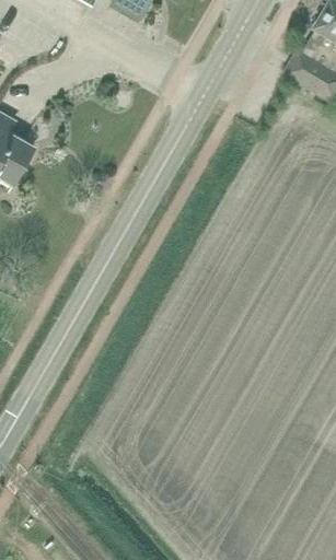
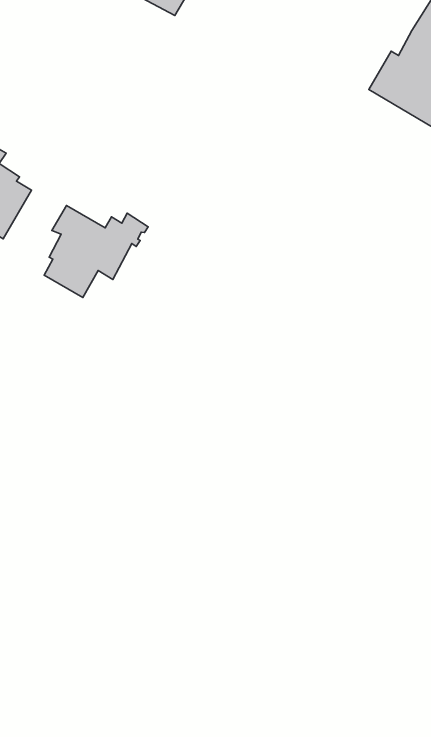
building: none -> [44,206,148,297]

